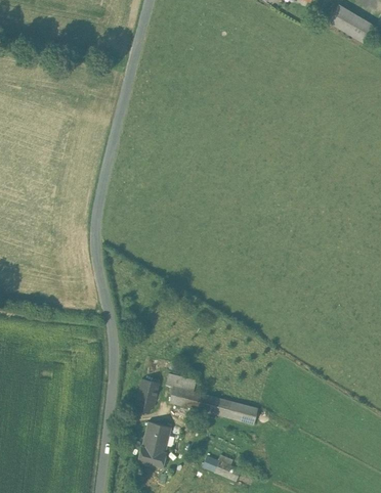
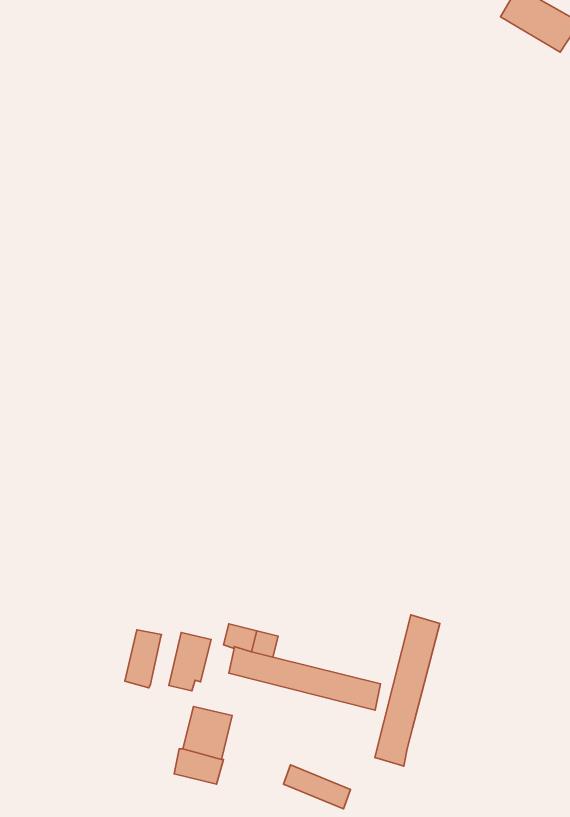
building: none -> [375,615,440,766]
building: none -> [125,630,162,688]

